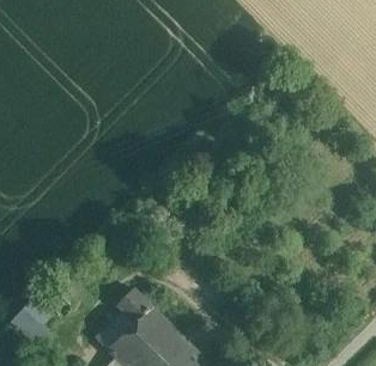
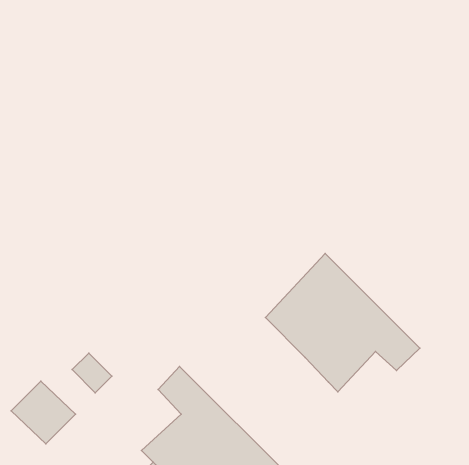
building: none -> [265,254,420,392]

